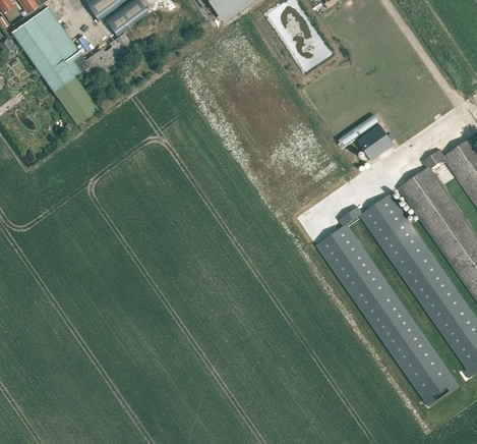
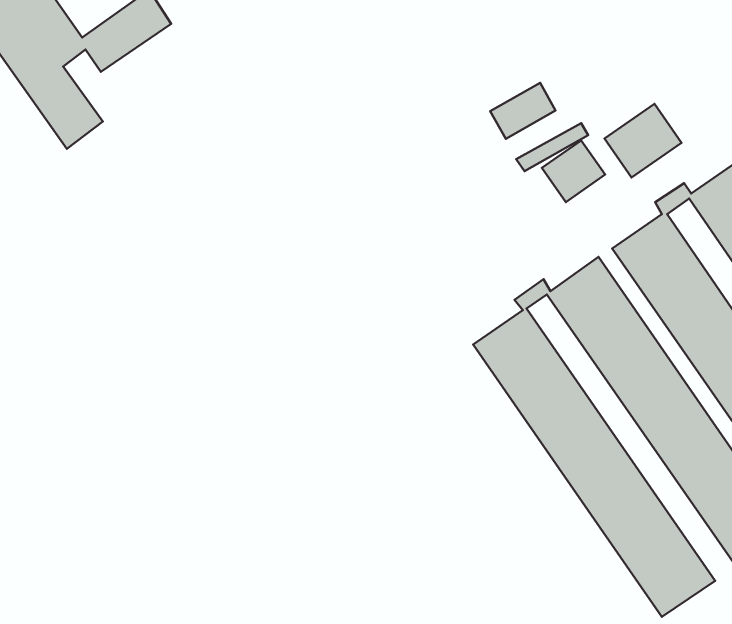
building: none -> [490,83,556,139]
building: none -> [605,104,681,178]

